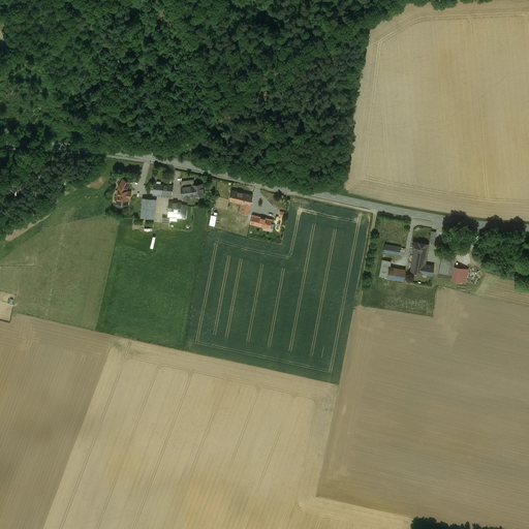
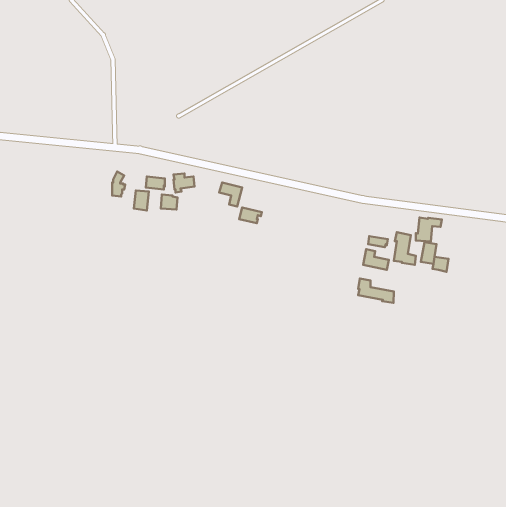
building: none -> [416,217,442,242]
building: none -> [358,278,394,303]

